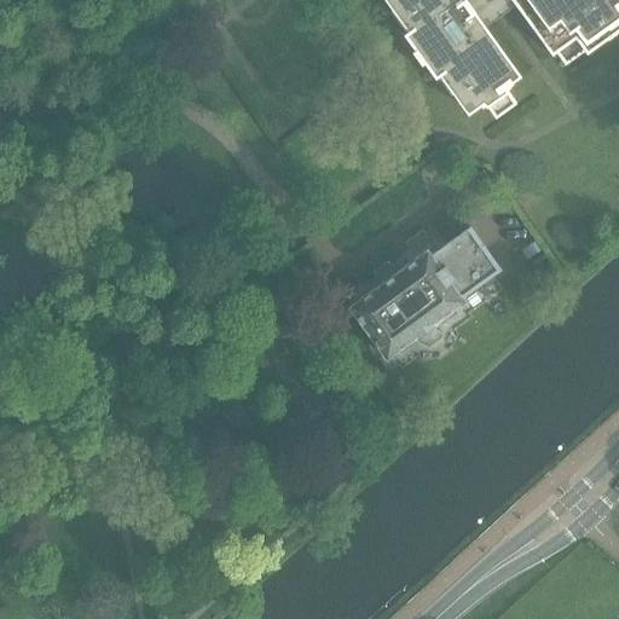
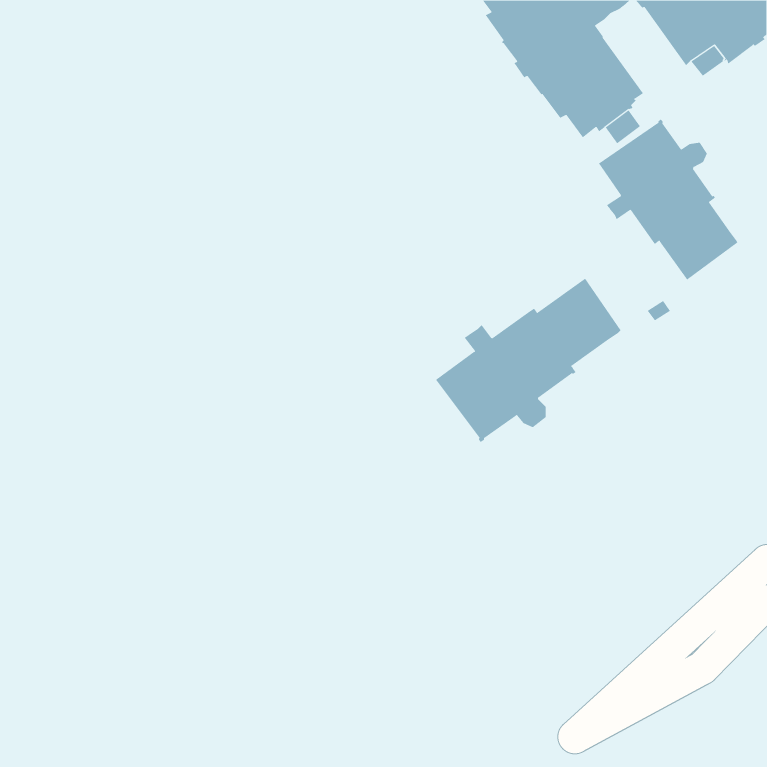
building: none -> [598,118,738,281]

